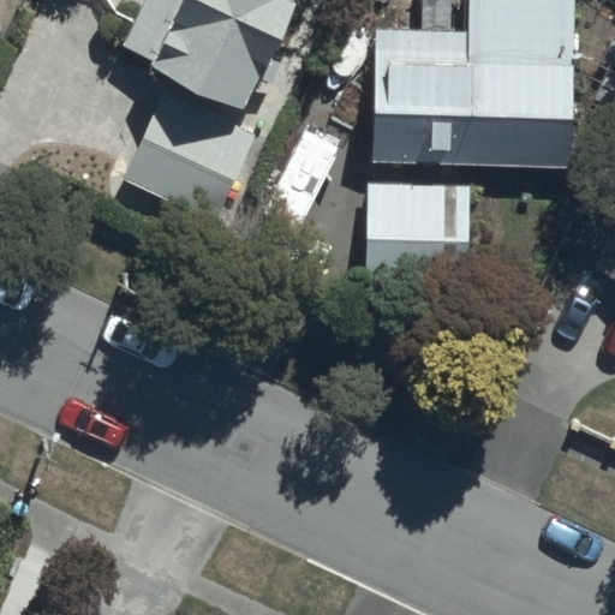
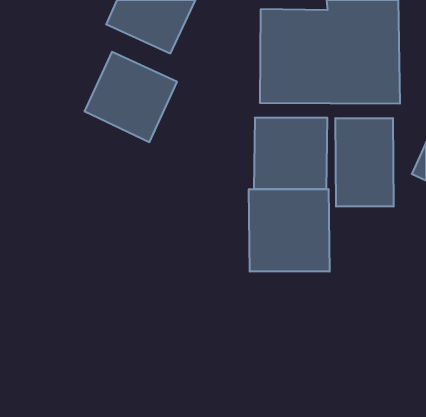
building: none -> [335,118,394,207]
building: none -> [249,189,330,272]

